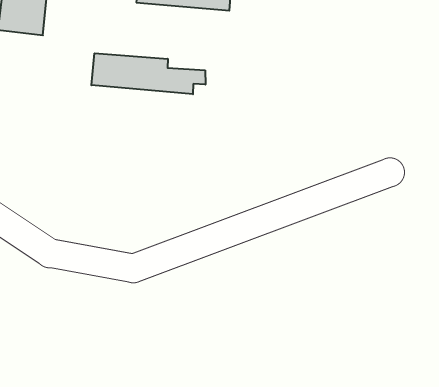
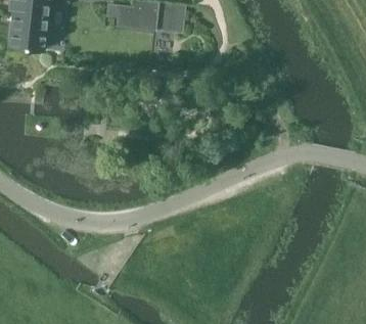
building: [91,53,205,94] -> none

